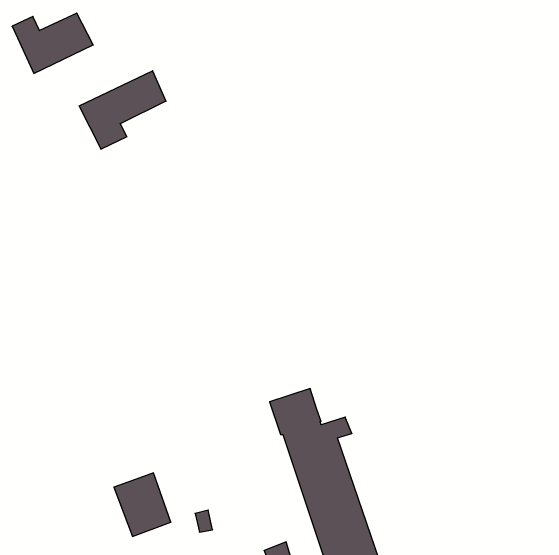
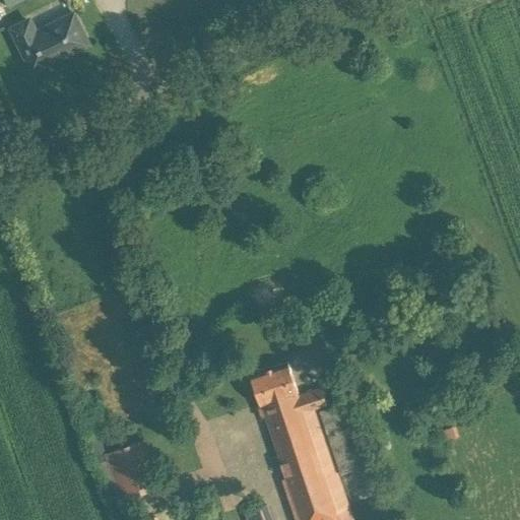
building: [79,71,166,149] -> none

